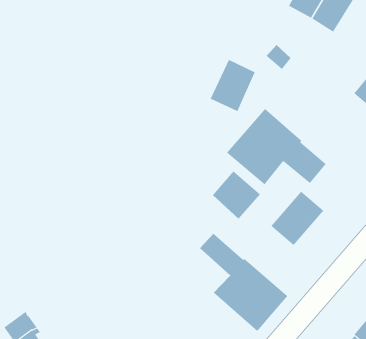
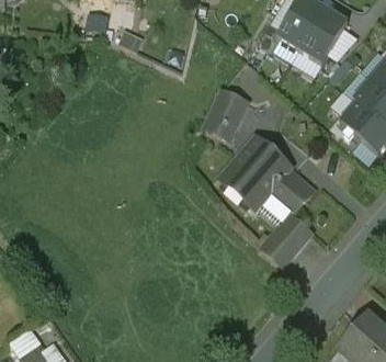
building: [212,170,261,219] -> none
building: [199,233,288,332] -> none

